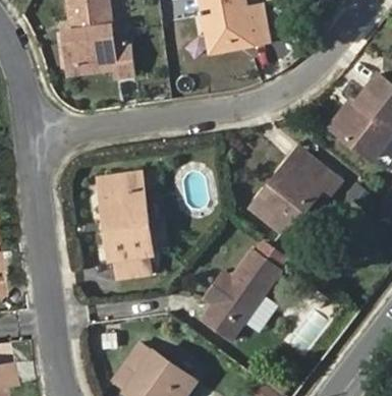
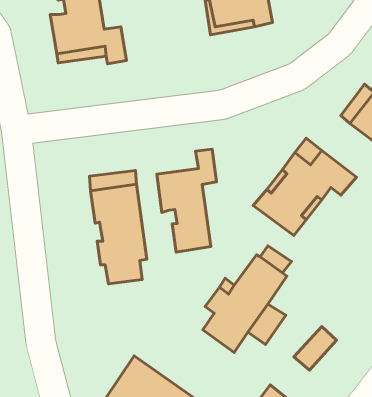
building: none -> [157,149,217,252]

